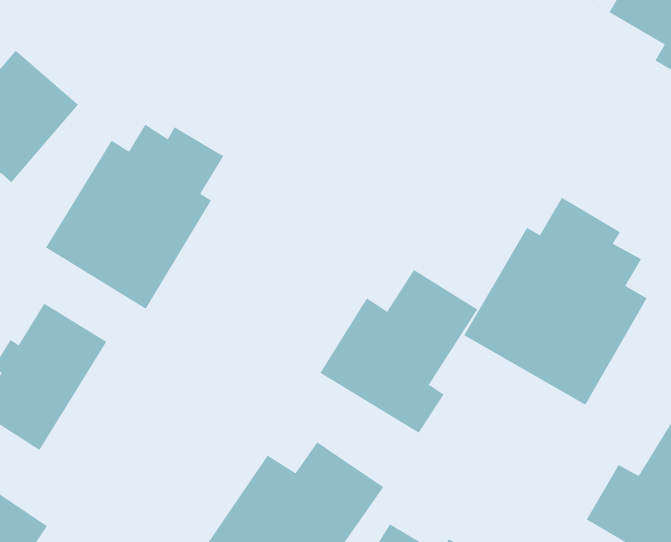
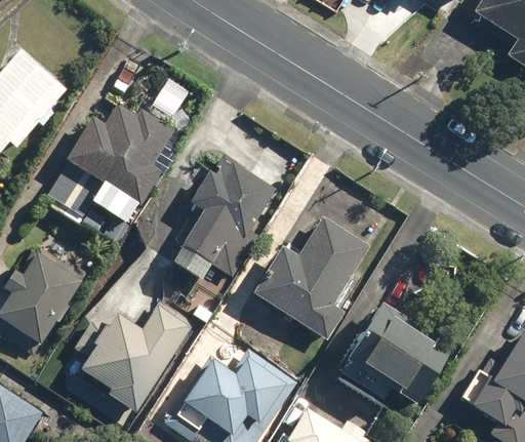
building: none -> [174,154,277,280]
building: [464,197,647,406] -> none
building: none -> [75,299,198,415]
building: none -> [338,303,454,415]

